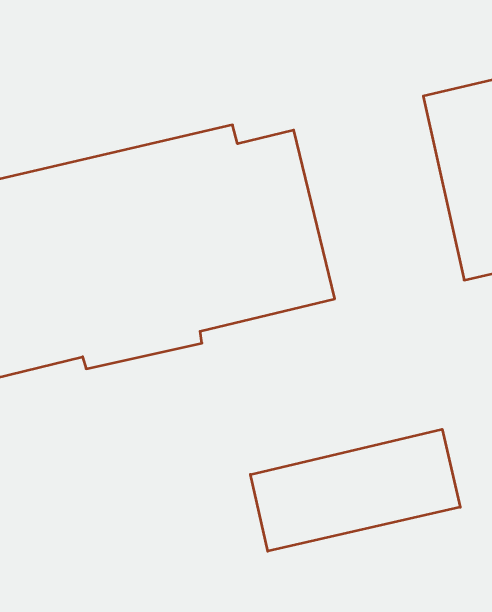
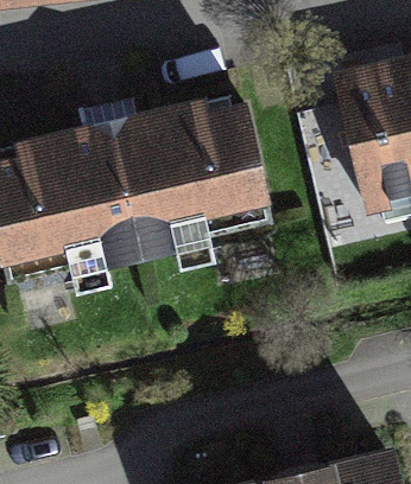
building: [250,429,460,551] -> none

